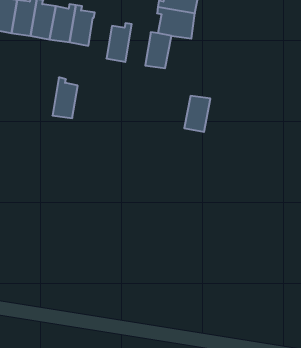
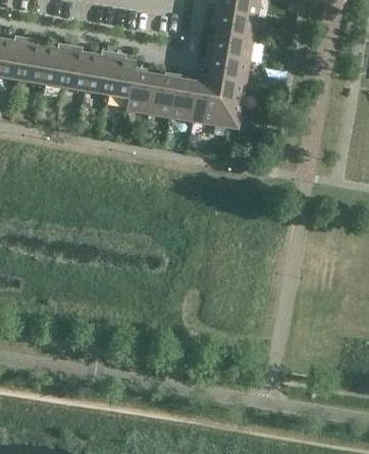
building: none -> [169,73,198,120]
building: [52,78,78,118] -> [125,66,154,112]
building: [184,96,210,132] -> [214,87,244,128]

